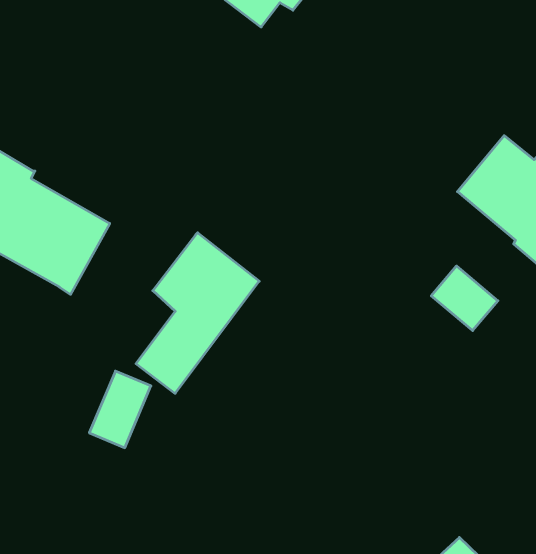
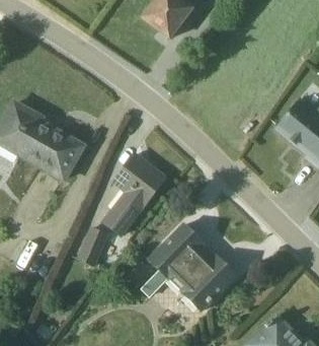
building: [431,266,498,331] -> none
building: none -> [141,220,238,313]

